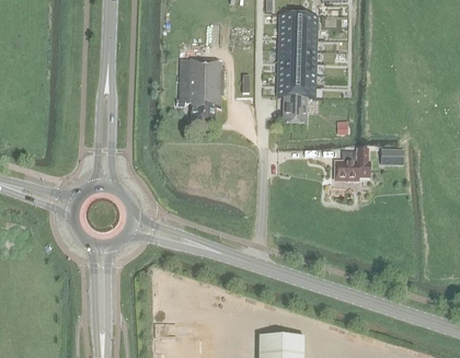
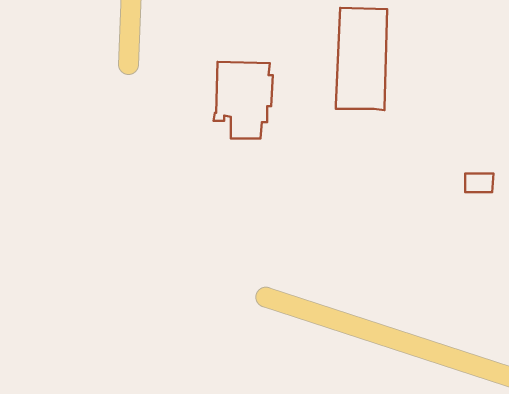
building: [280,95,306,125] -> none
building: [335,147,368,178] -> none

